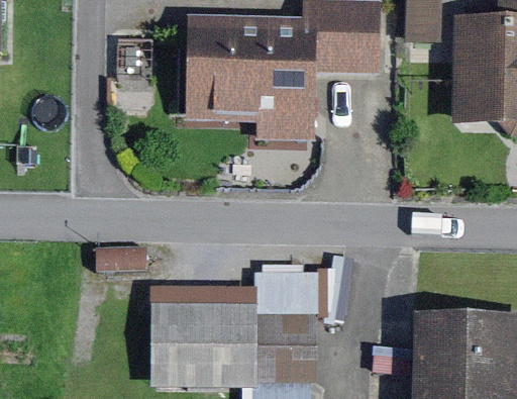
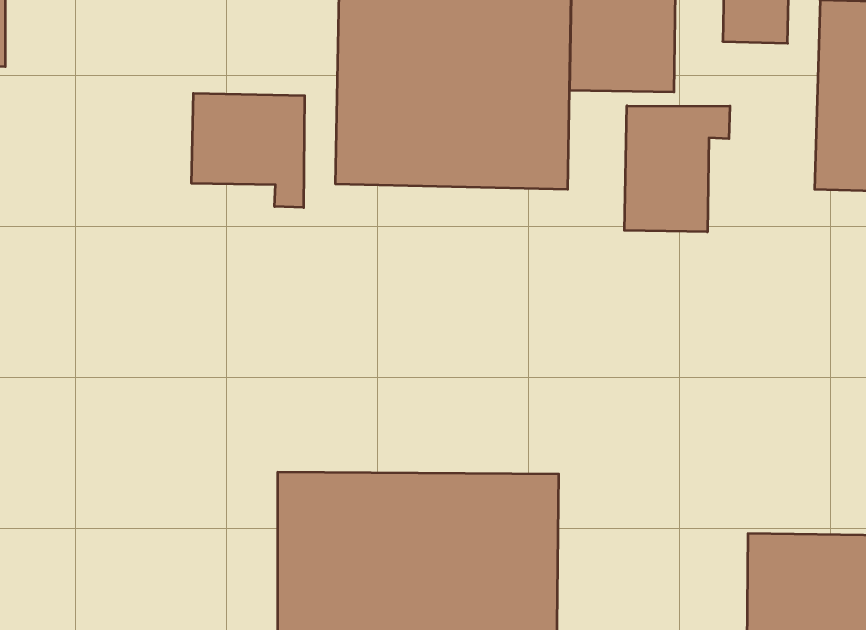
building: none -> [192,93,305,208]
building: none -> [624,106,730,232]

